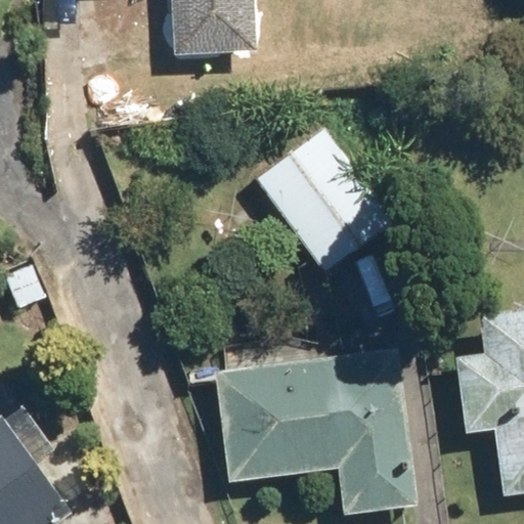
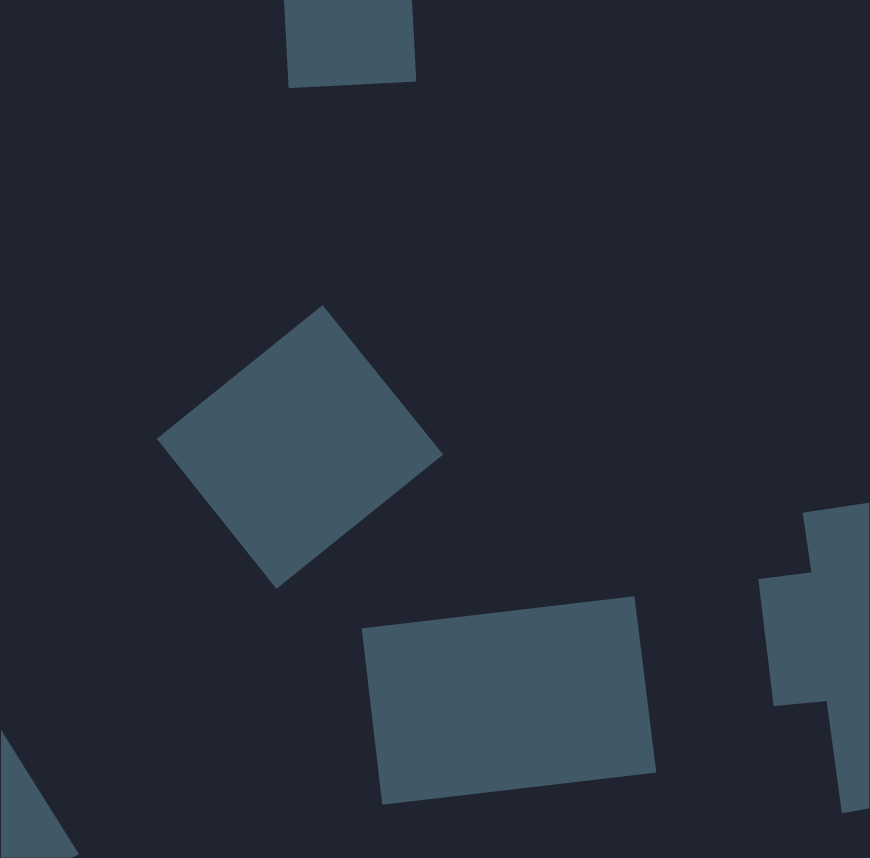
building: [263,139,381,261] -> none
building: none -> [156,304,444,590]

